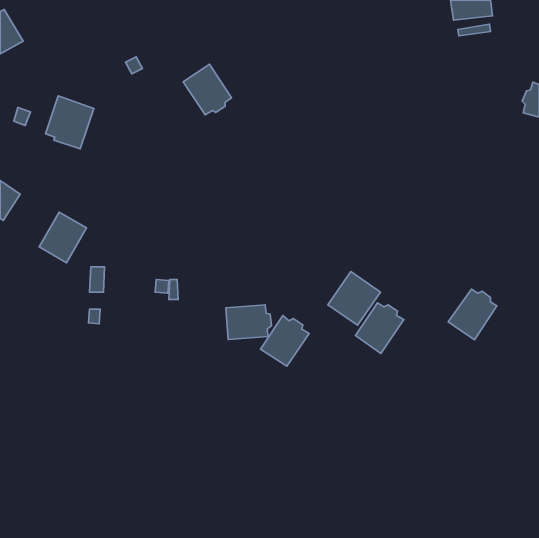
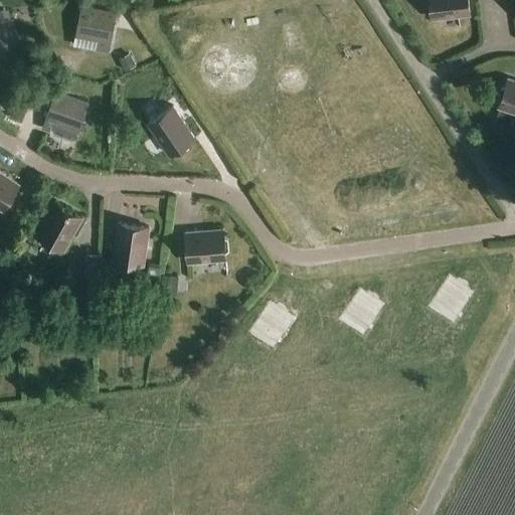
building: none -> [76,8,116,52]
building: [183,64,232,115] -> [148,107,194,155]
building: none -> [114,223,149,275]
building: [328,272,380,325] -> none
building: [226,305,271,340] -> [186,230,229,264]

